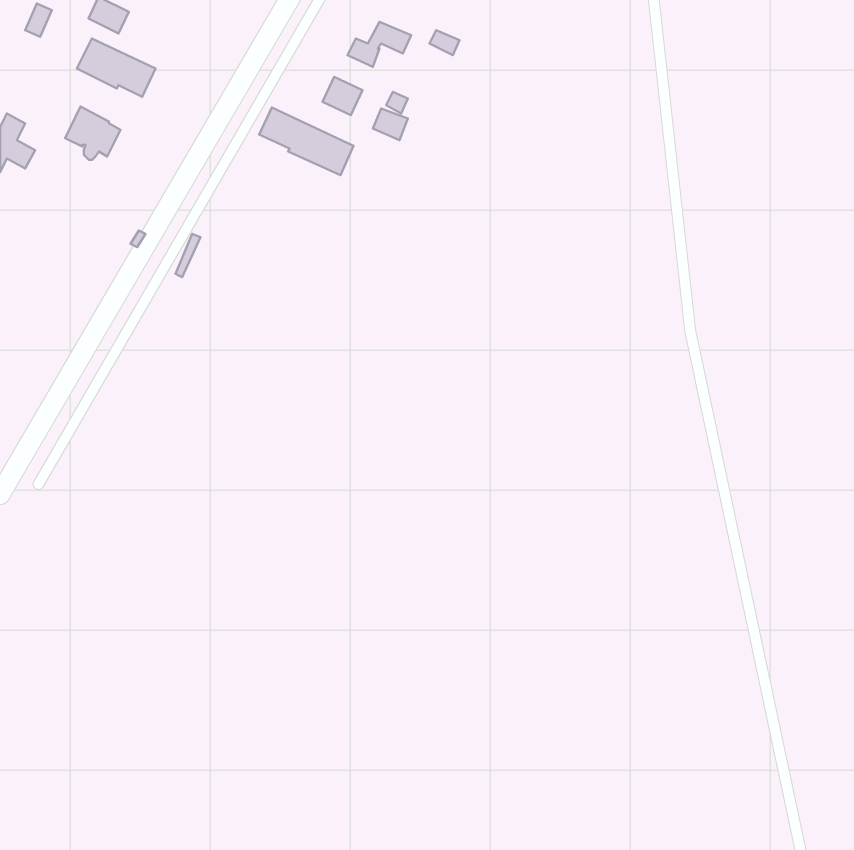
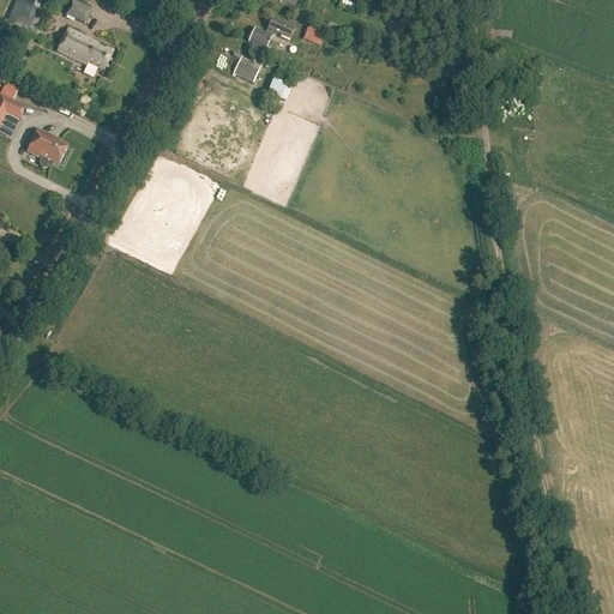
building: [65,106,120,160] -> [26,128,66,167]
building: [259,108,353,175] -> none

